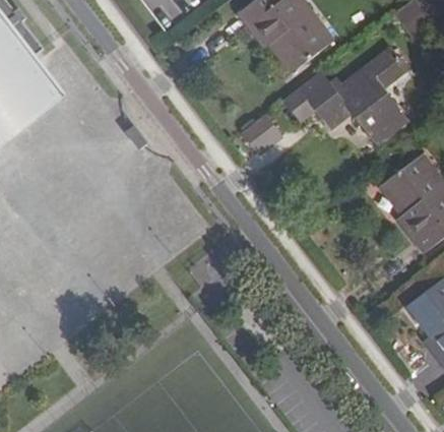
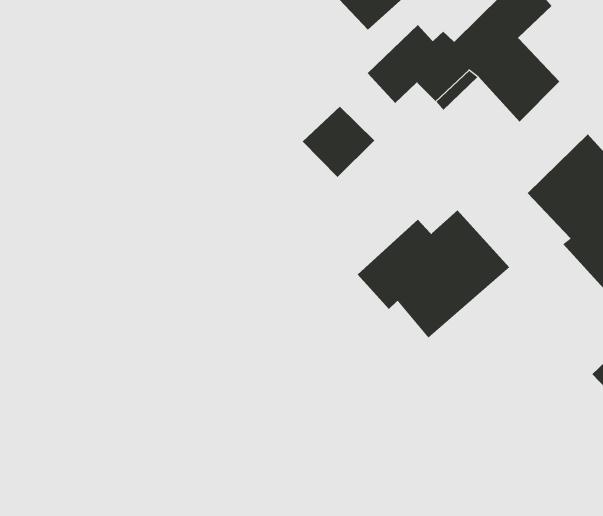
building: none -> [357,210,510,339]

